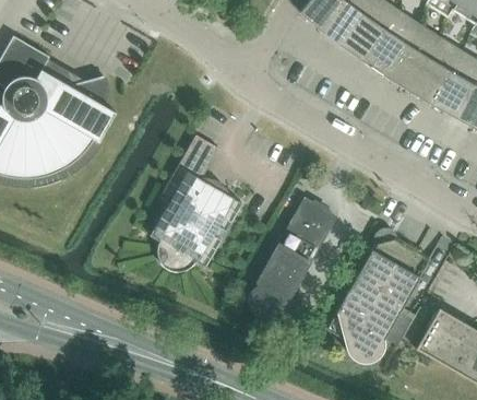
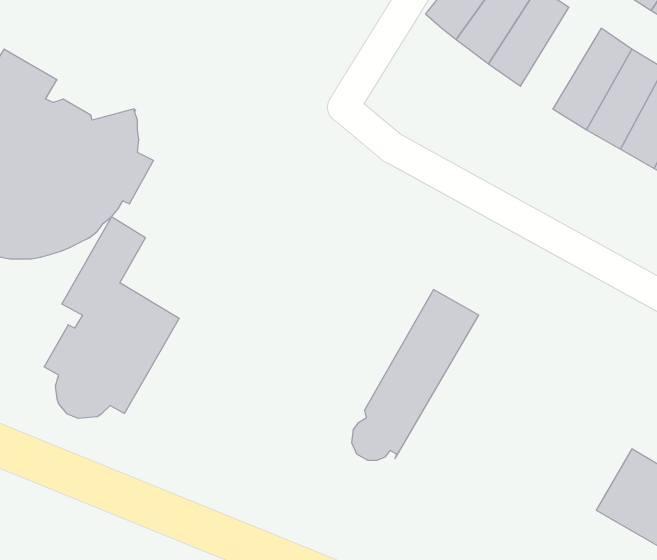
building: [363,8,418,77] -> none
building: [150,134,241,271] -> [44,217,179,418]
building: [326,237,418,363] -> none

